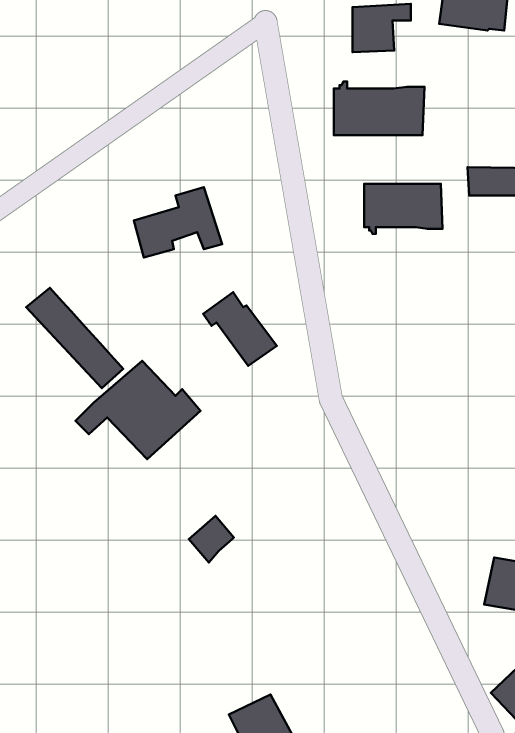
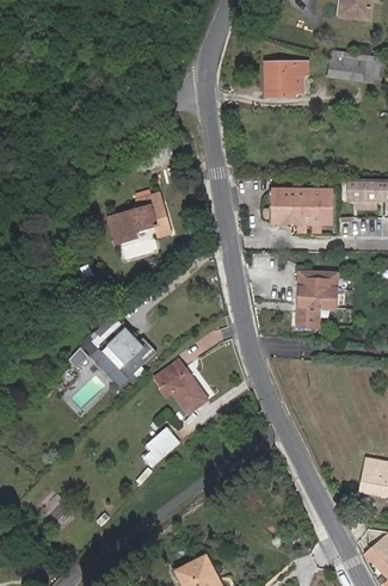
building: [334,81,424,135] -> none
building: [26,288,123,388] -> none
building: [203,292,277,366] -> [155,362,208,414]
building: none -> [297,273,335,327]

